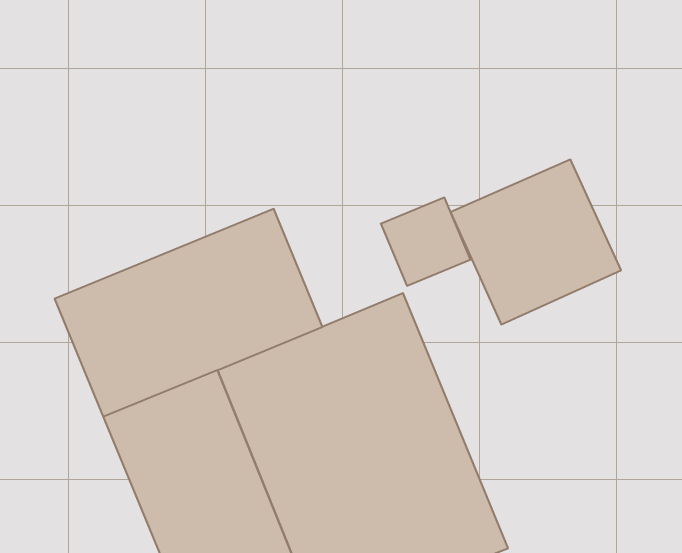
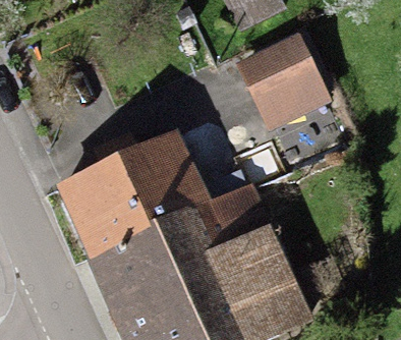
building: [451,160,621,324] -> [237,34,330,123]

